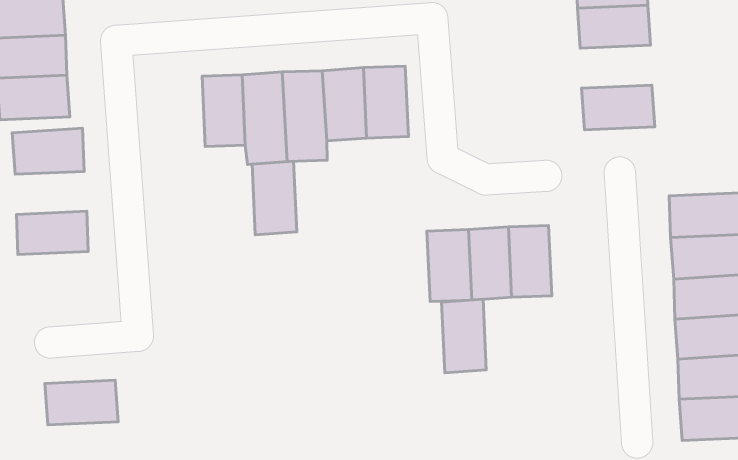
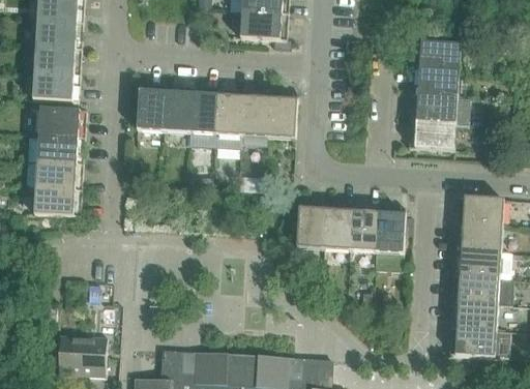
building: none -> [409,95,469,125]
building: [252,161,297,235] -> [136,85,166,131]
building: none -> [36,136,83,164]
building: [442,299,486,373] -> [375,207,405,253]
building: [45,380,118,425] -> [33,187,80,217]

